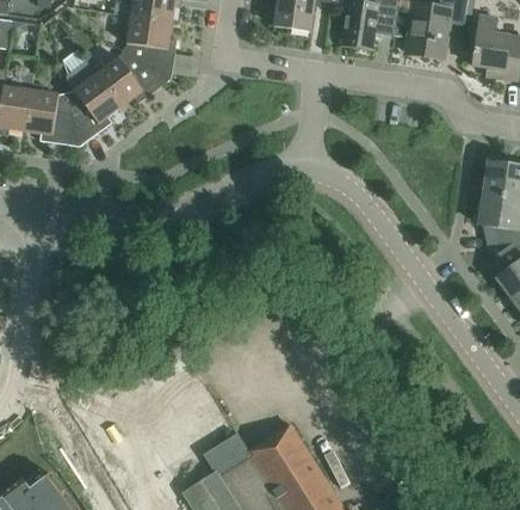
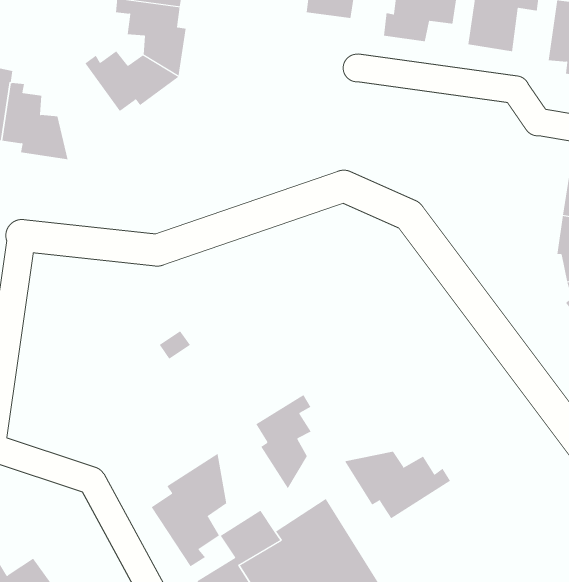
building: [70,67,120,146] -> none
building: none -> [255,394,311,489]
building: none -> [344,451,451,519]
building: none -> [151,453,227,567]

